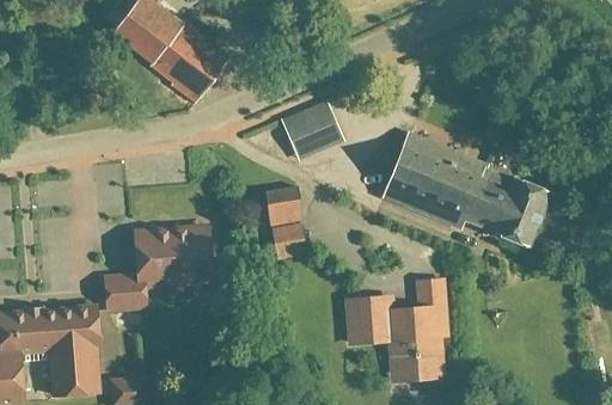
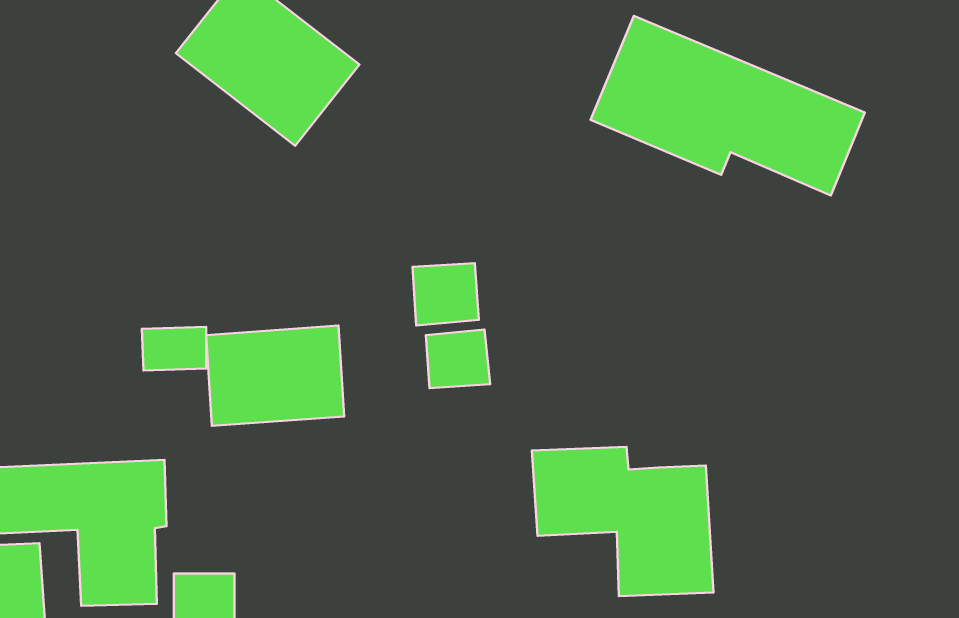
building: [282,99,347,159] -> none
building: [377,131,550,245] -> [590,16,865,196]
building: [415,280,446,307] -> none
building: [109,287,149,314] -> [142,327,206,370]

